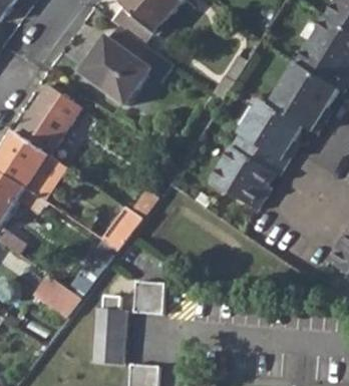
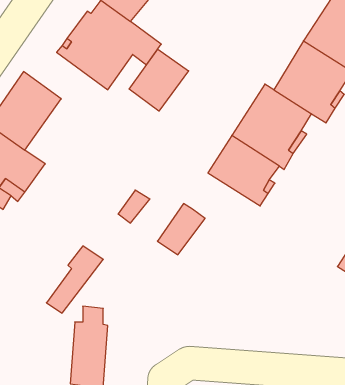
building: none -> [129,49,189,111]
building: [100,207,142,252] -> [157,204,205,255]
building: [34,276,82,319] -> none
building: [131,280,164,314] -> none

